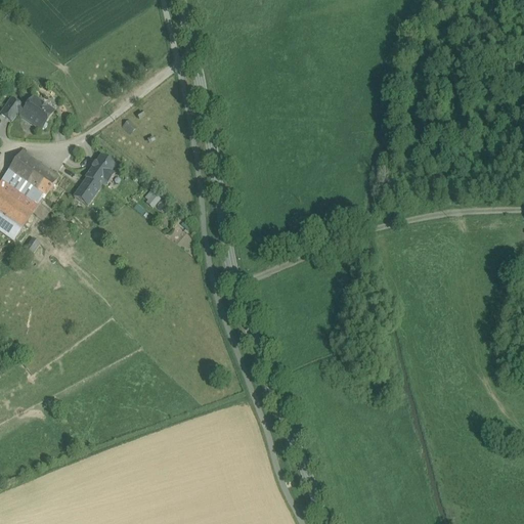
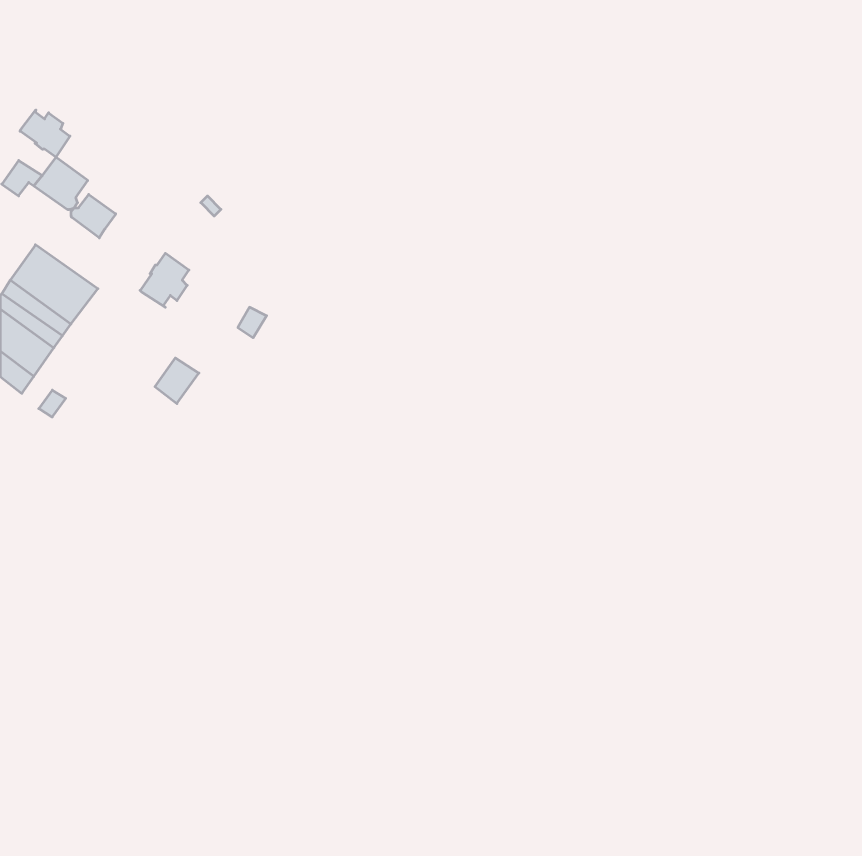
building: none -> [20,110,70,157]
building: none -> [71,194,116,238]
building: [74,177,100,205] -> [155,358,199,404]

